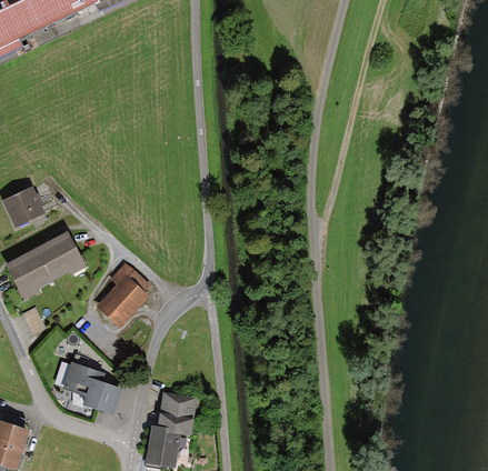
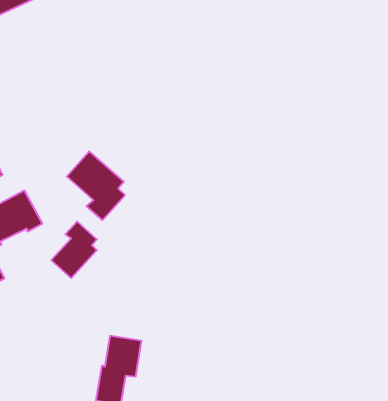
building: none -> [67,151,125,220]
building: [60,361,121,415] -> none

